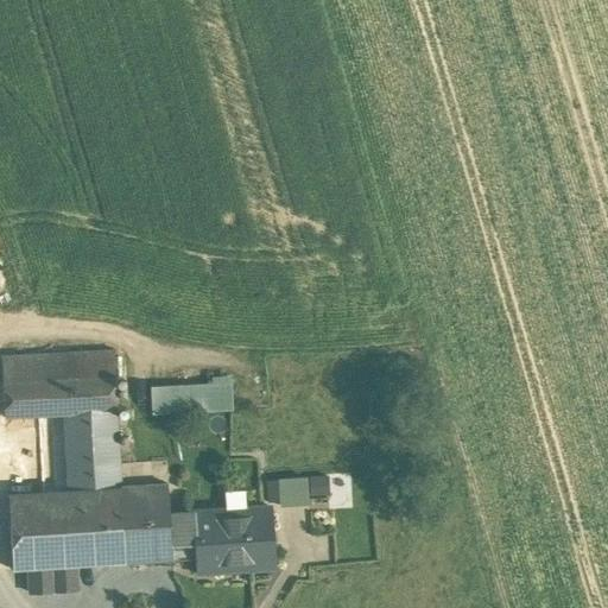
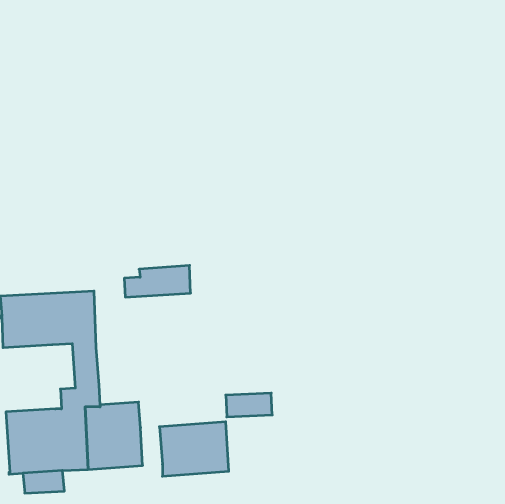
building: [151,375,230,413] -> [124,265,191,297]
building: [63,414,90,493] -> none
building: [169,514,195,560] -> none

